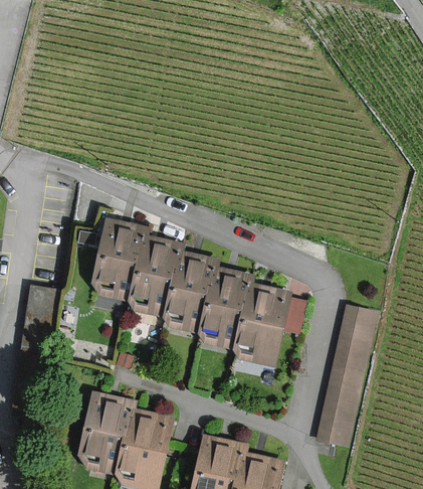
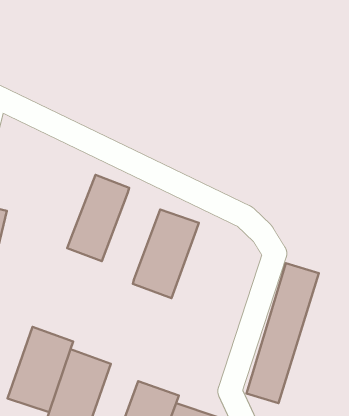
building: [87,217,145,298] -> none
building: [157,248,213,334] -> none
building: [229,280,307,370] -> none

